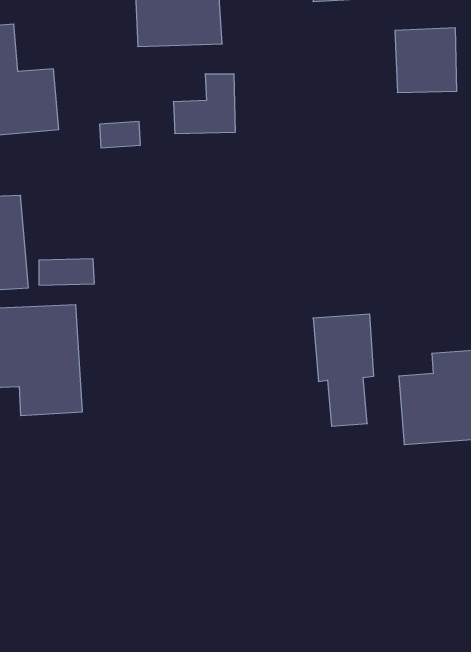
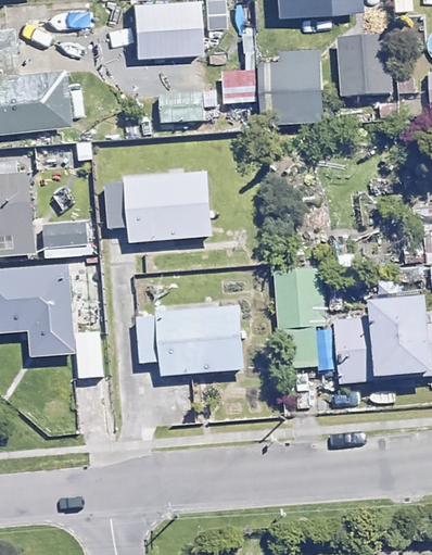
building: none -> [258,61,317,106]
building: none -> [124,177,216,238]
building: none -> [160,312,242,376]

